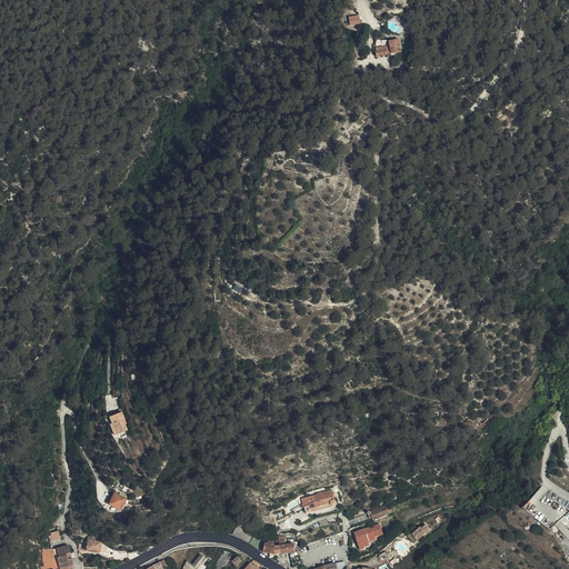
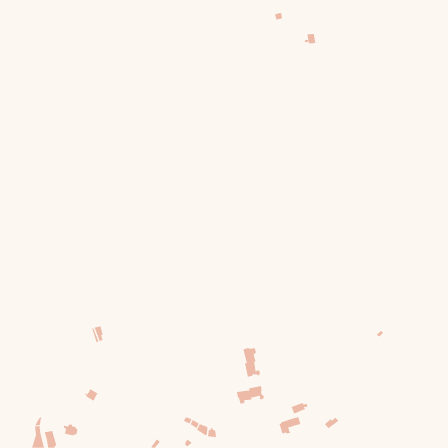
building: none -> [243,347,261,378]

